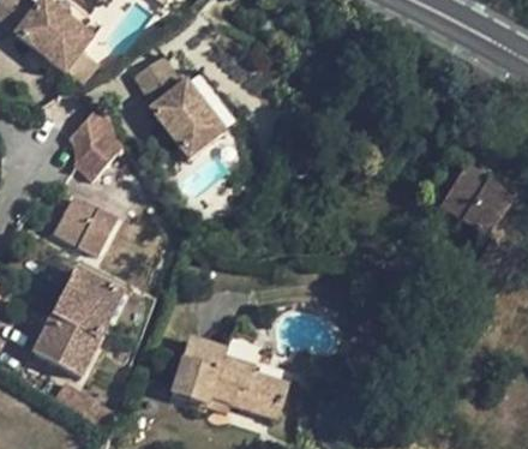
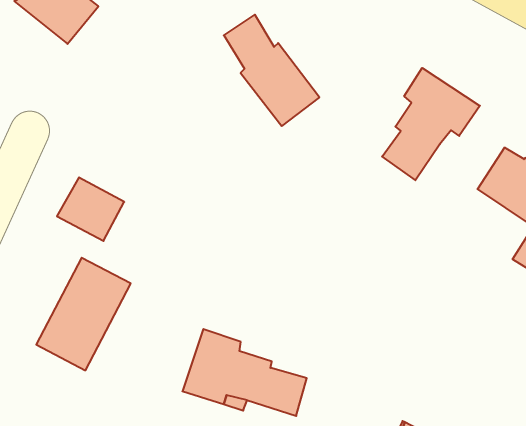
building: [134,54,223,157] -> [224,15,319,126]
building: none -> [382,68,480,180]
building: [68,100,124,180] -> none

